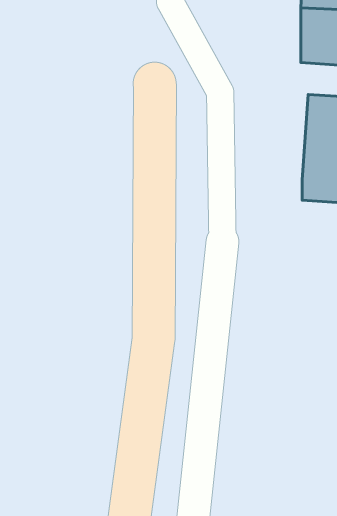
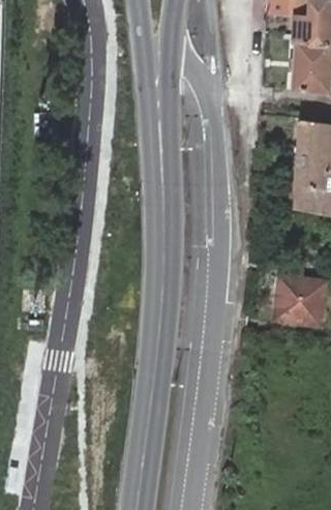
building: none -> [275,279,319,328]

